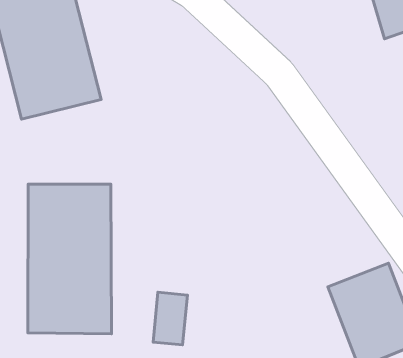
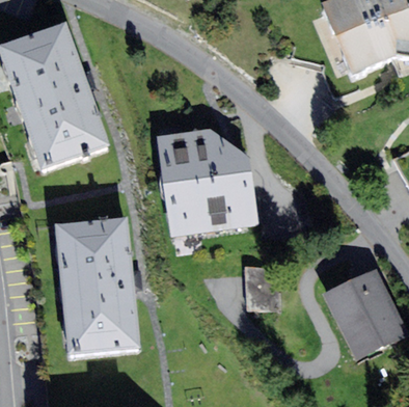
building: none -> [157,128,258,236]
building: [153,292,188,345] -> [247,268,273,311]

